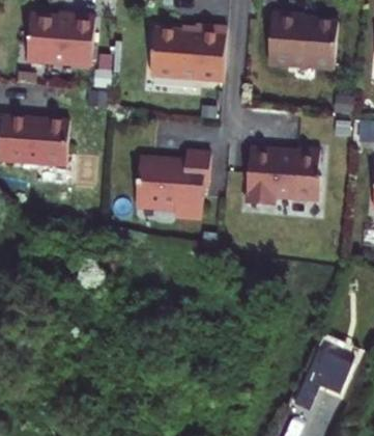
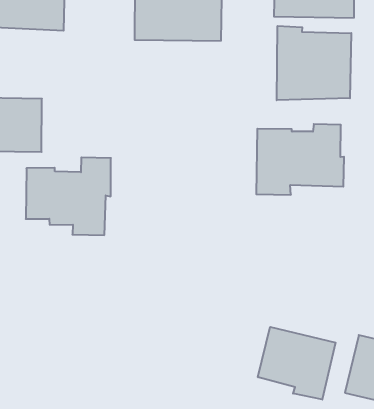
building: none -> [277,26,351,100]
building: [136,151,210,217] -> [26,157,111,235]
building: none -> [258,327,336,400]

